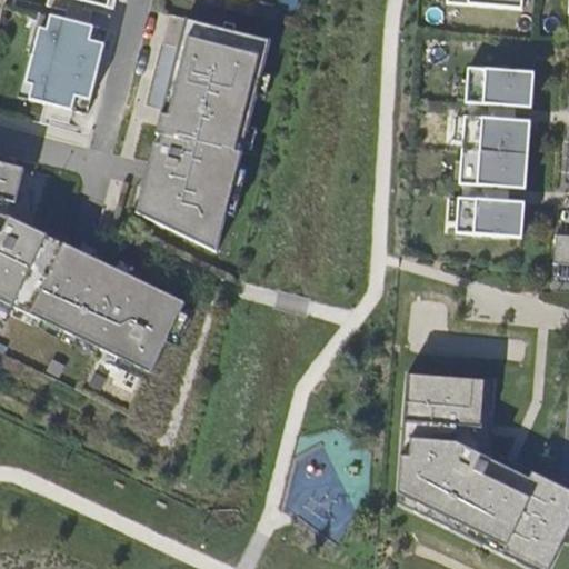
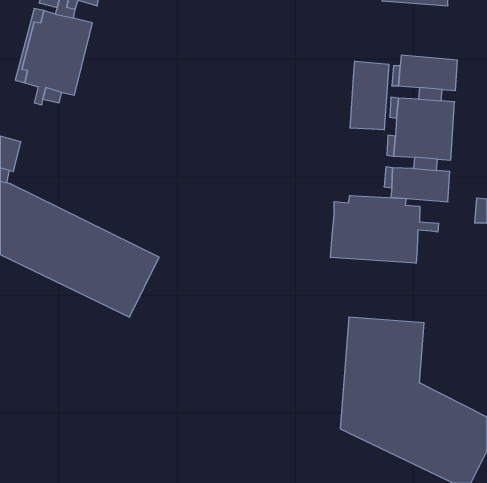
building: [137,10,271,249] -> none
building: none -> [350,61,389,130]
building: none -> [331,195,438,263]

